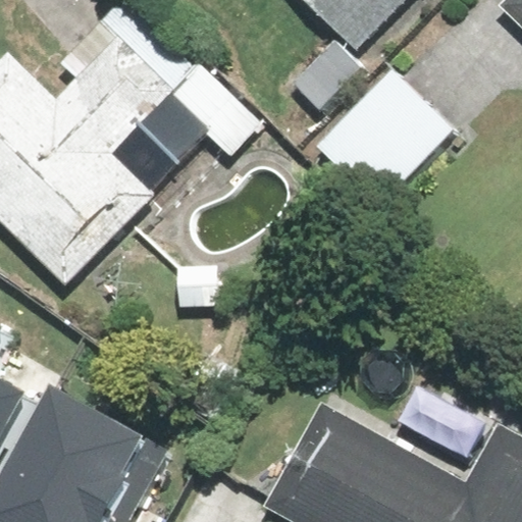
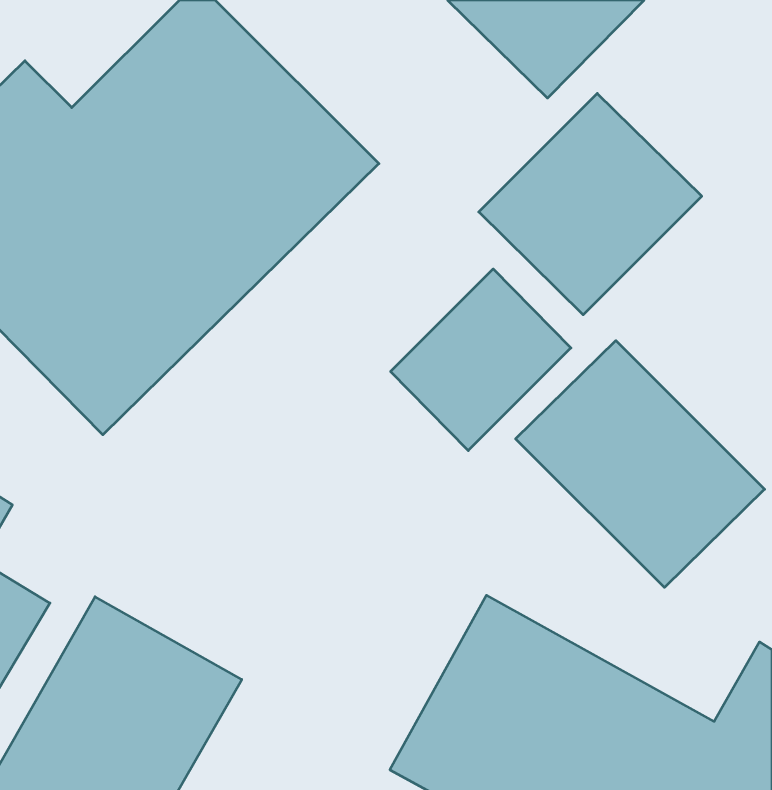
building: none -> [391,269,571,451]
building: none -> [516,341,765,587]

